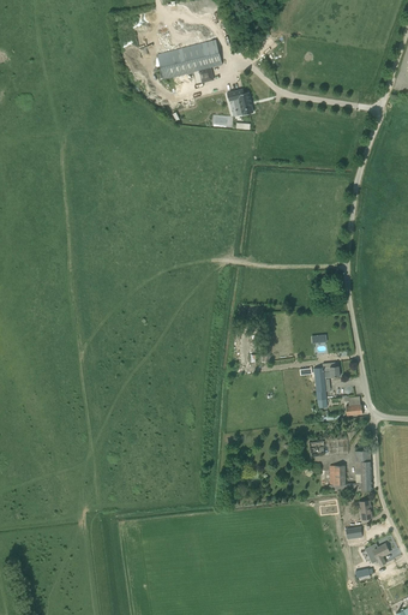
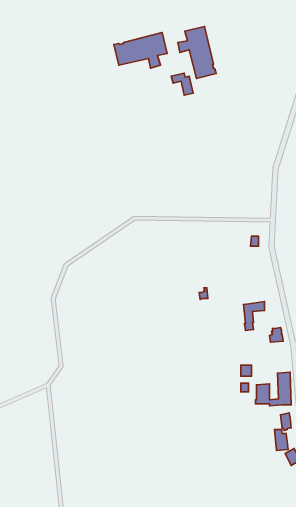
building: none -> [178,26,216,78]

